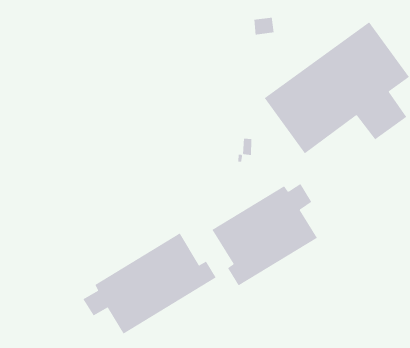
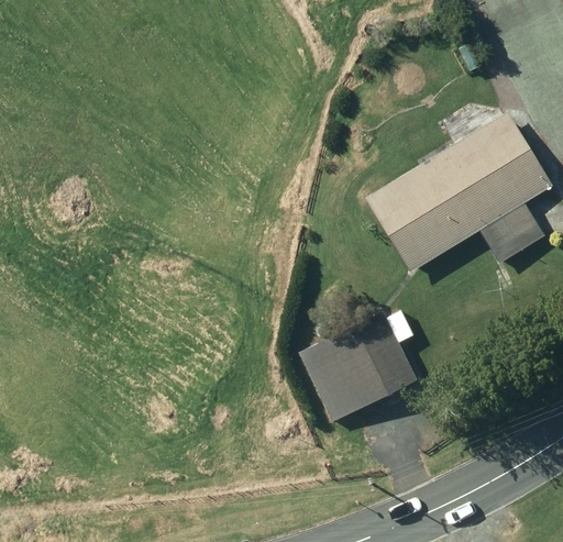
building: [83,233,216,334] -> none

